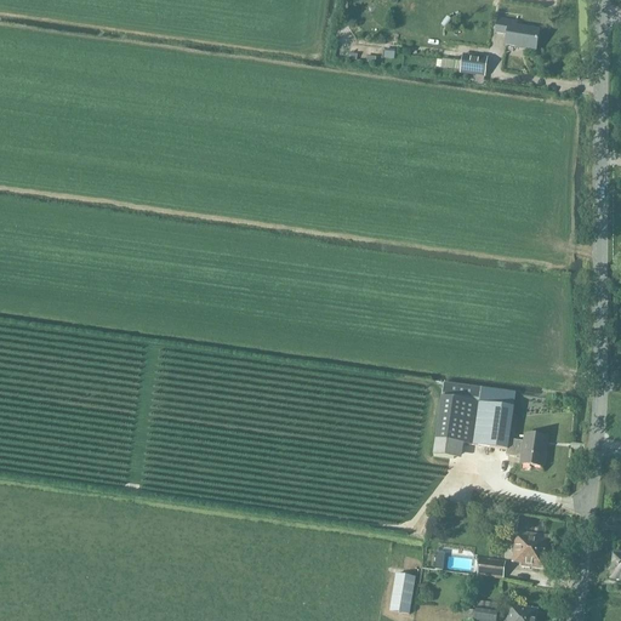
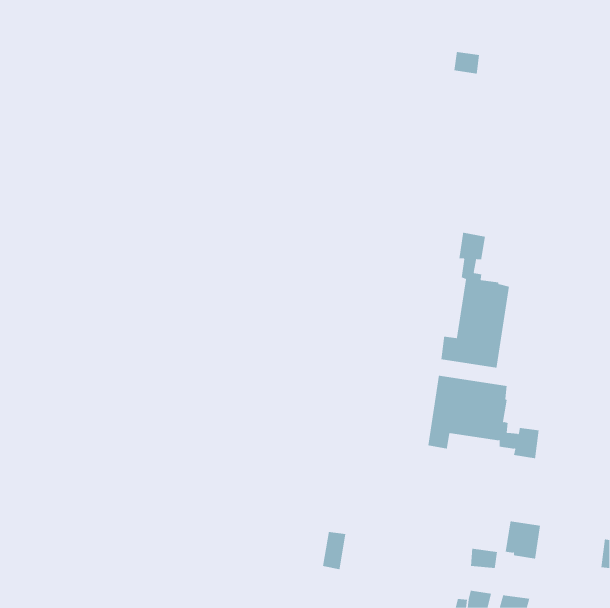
building: [495,16,540,49] -> none
building: none -> [441,232,509,369]
building: [391,574,415,613] -> [322,532,346,570]

